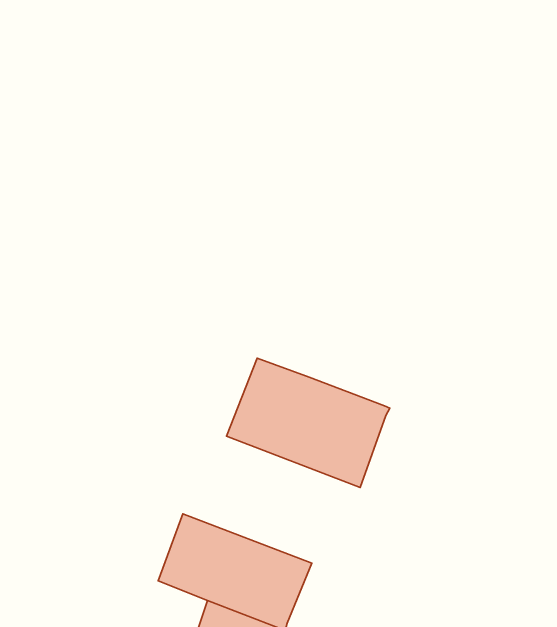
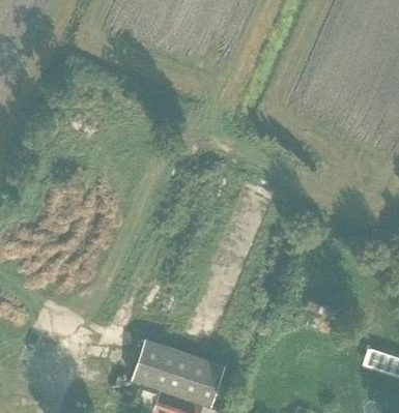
building: [226,358,390,487] -> none

